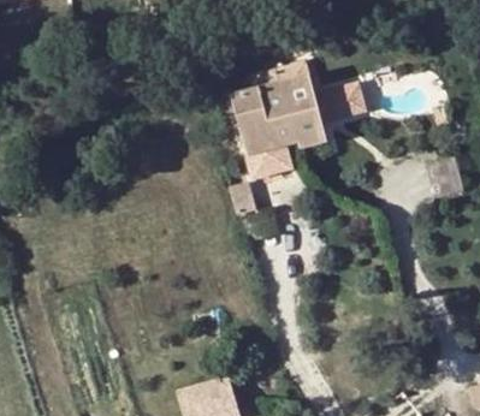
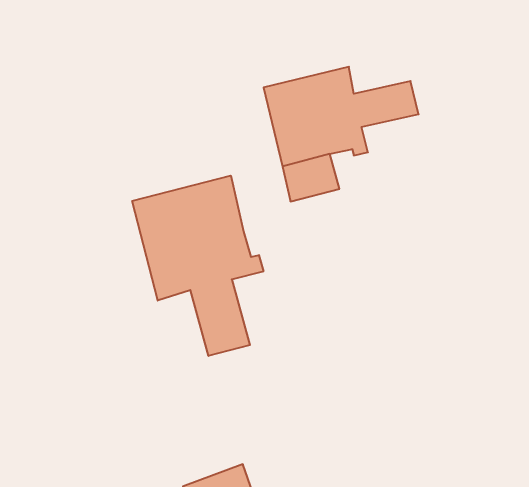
building: none -> [132,176,263,356]

